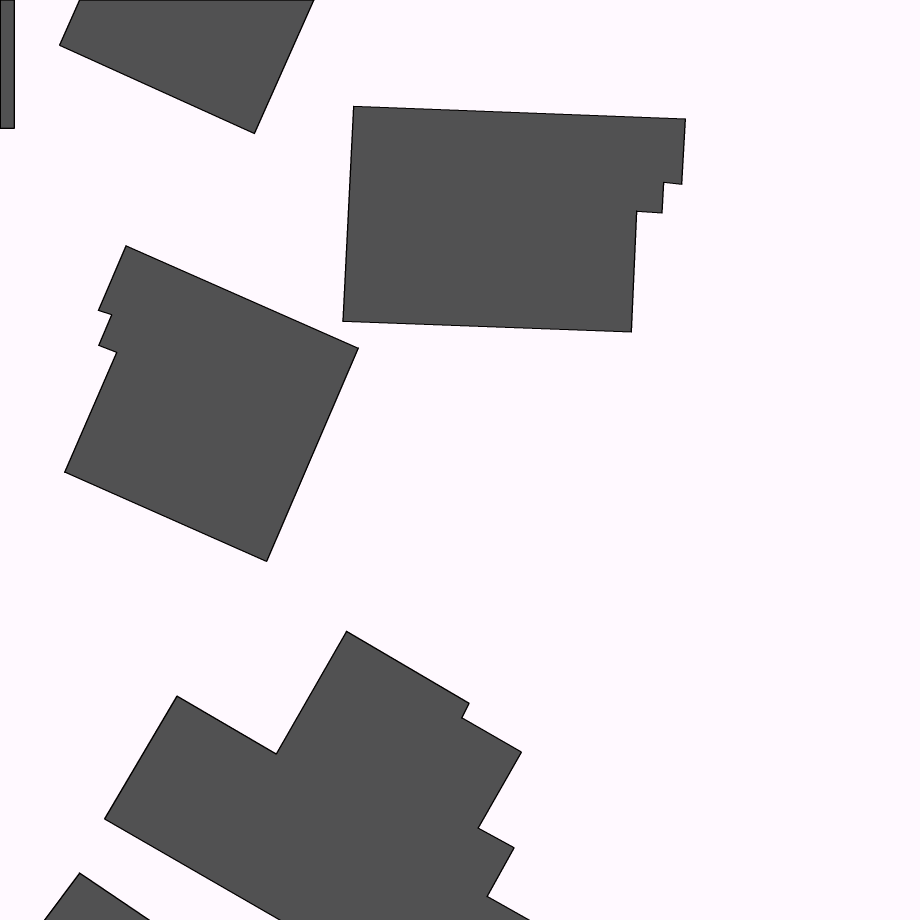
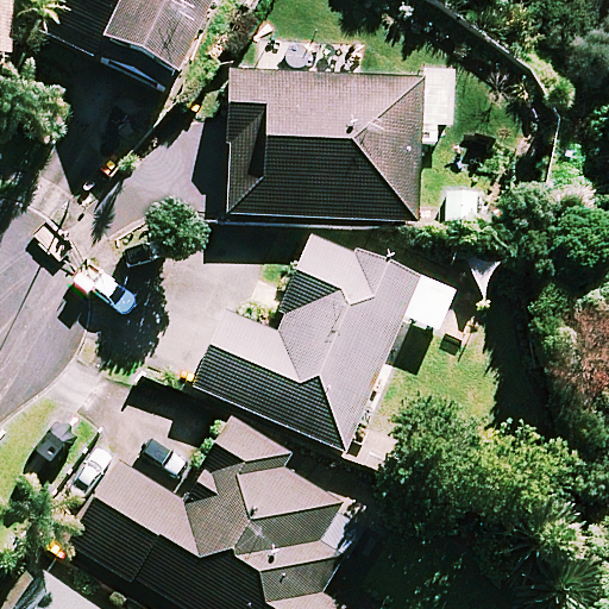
building: [65,246,358,561] -> none
building: none -> [194,232,453,451]

